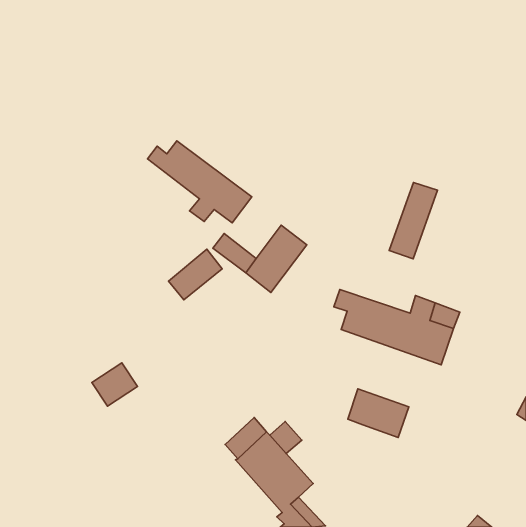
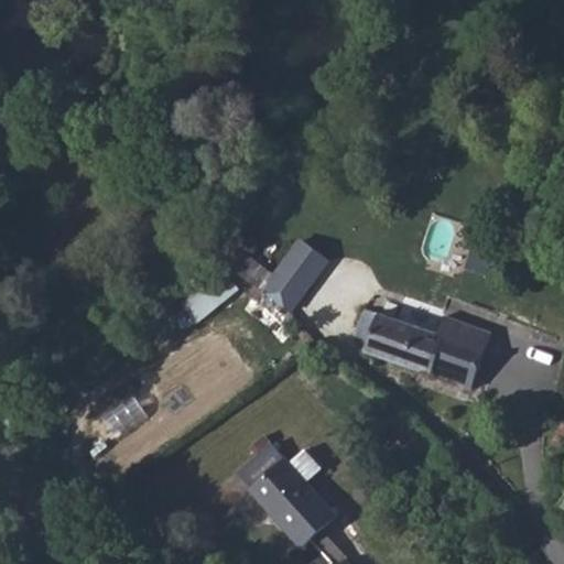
building: [148,141,252,223] -> none
building: [389,183,437,259] -> none
building: [348,389,409,438] -> none

